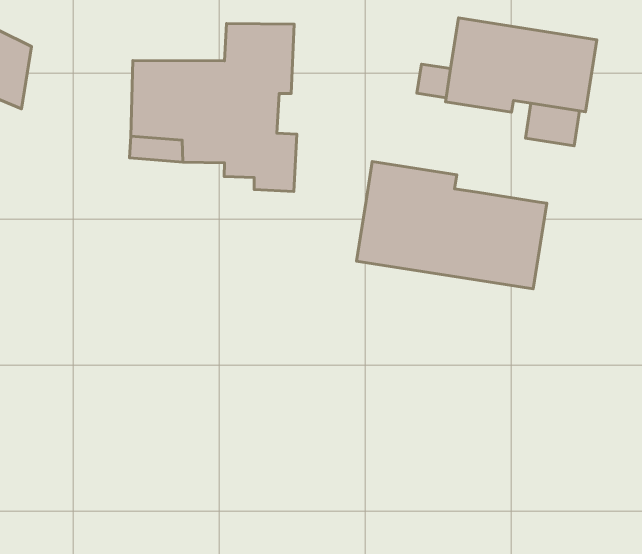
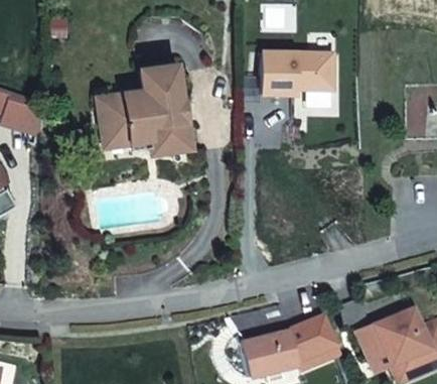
building: [357,162,547,289] -> none

